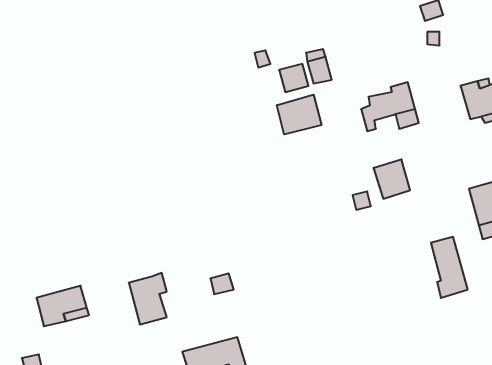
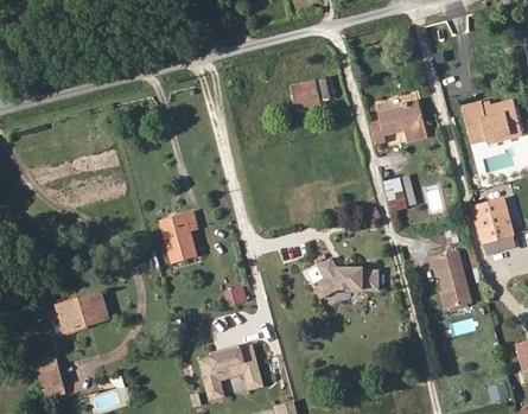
building: [277,95,321,134] -> none
building: none -> [313,261,381,301]
building: [129,273,167,324] -> [159,212,196,262]

